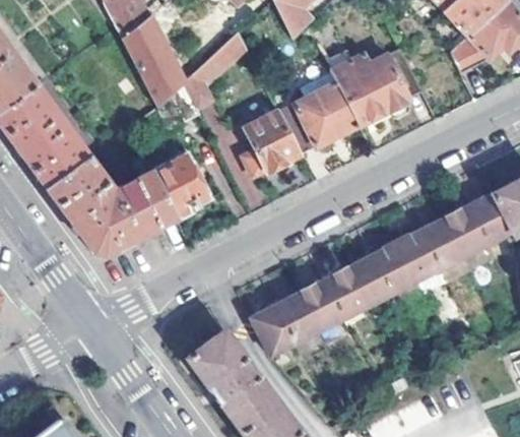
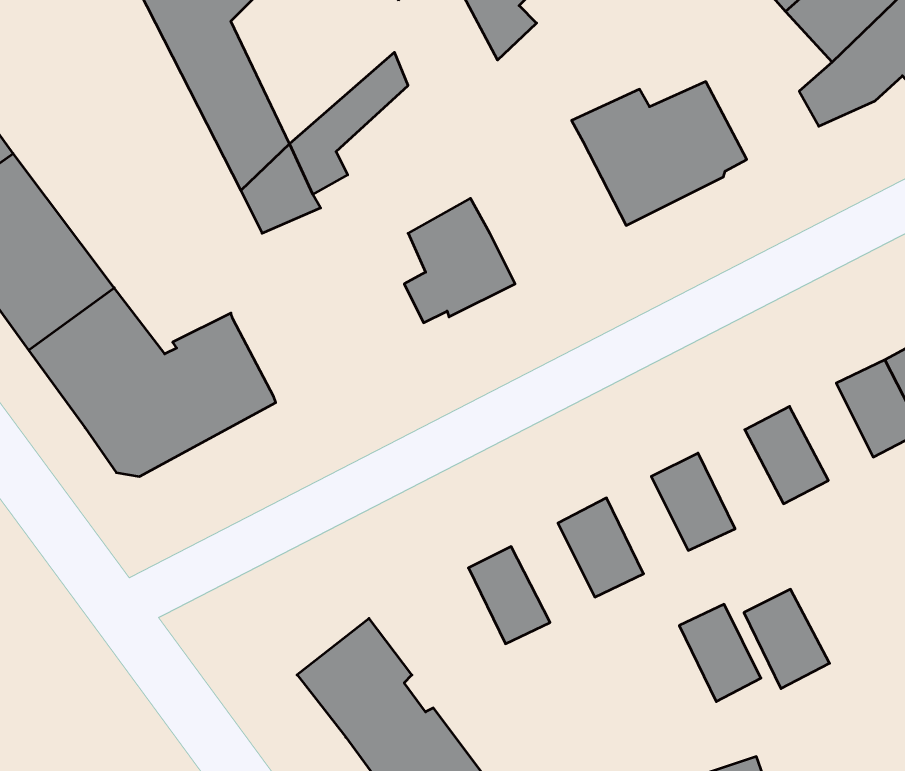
building: [287,79,359,153] -> none
building: [153,155,205,213] -> none
building: [444,205,488,256] -> none
building: [396,230,441,282] -> [744,589,830,689]
building: [348,254,391,305] -> [679,604,761,702]
building: [299,278,342,330] -> none
building: [249,302,296,355] -> none

